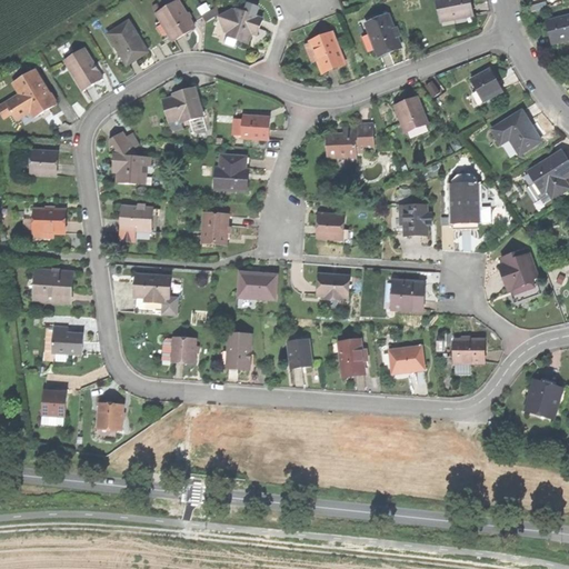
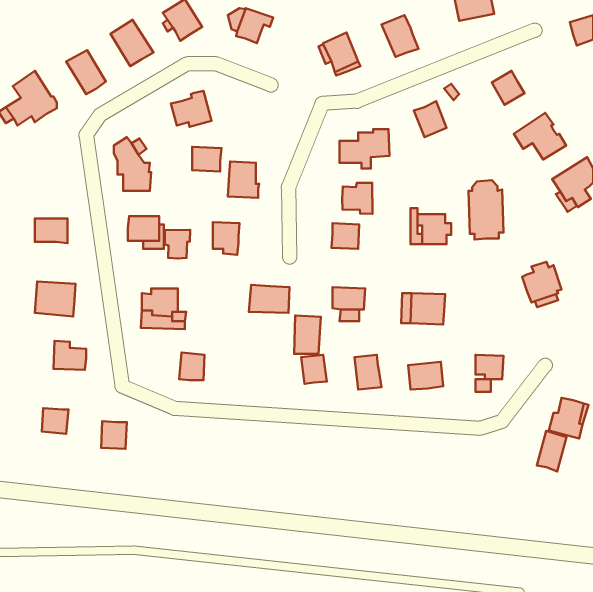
building: [242,114,270,138] -> [192,147,221,171]
building: [31,150,57,174] -> none
building: none -> [342,183,372,214]
building: none -> [165,230,190,259]
building: [227,332,252,369] -> [294,316,321,354]
building: none -> [537,431,566,472]

